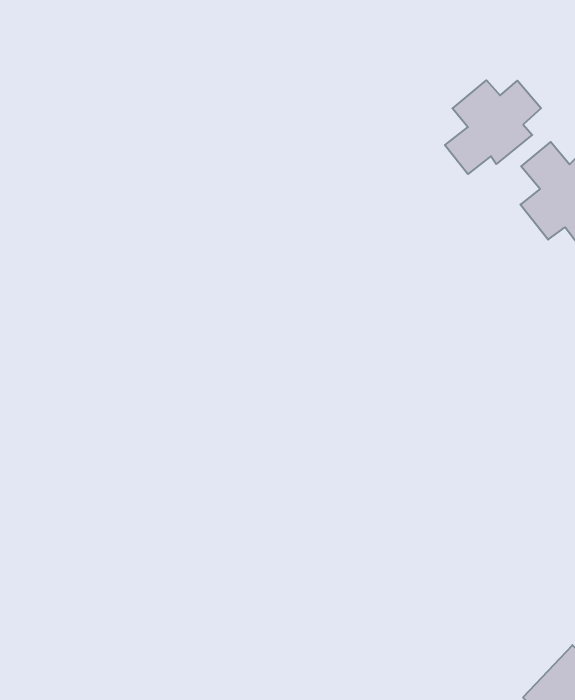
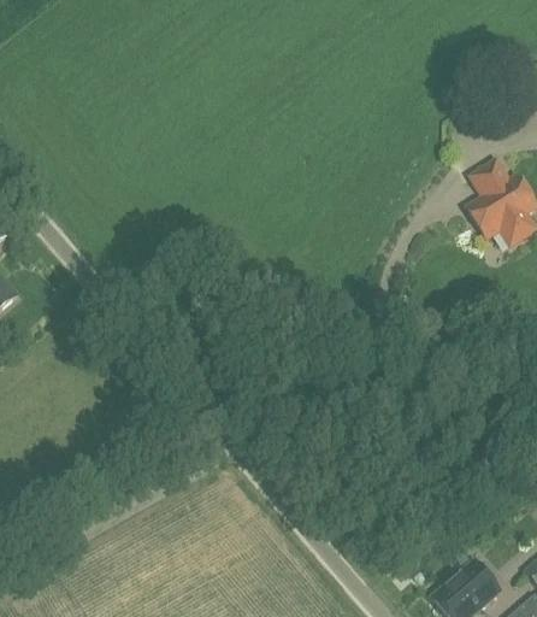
building: [445,80,541,174] -> none

